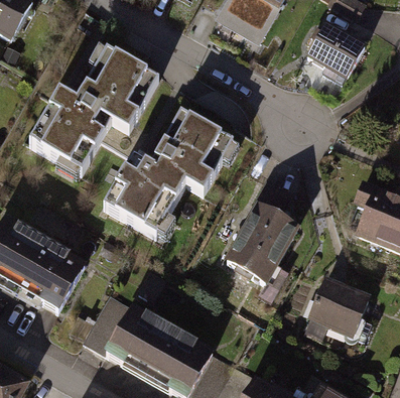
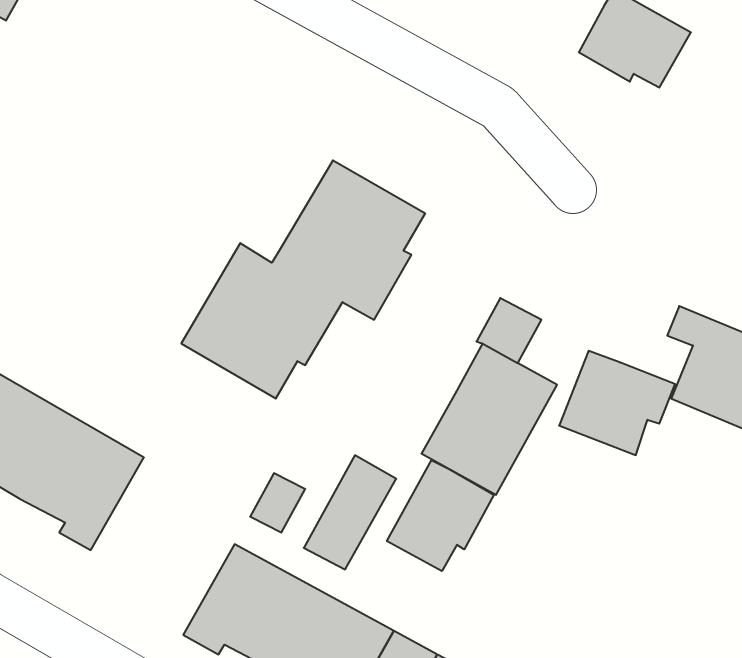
building: [32,47,162,171] -> none
building: none -> [387,460,494,571]
building: [307,280,367,334] -> [559,351,675,455]
building: [83,295,130,354] -> [304,455,396,569]

